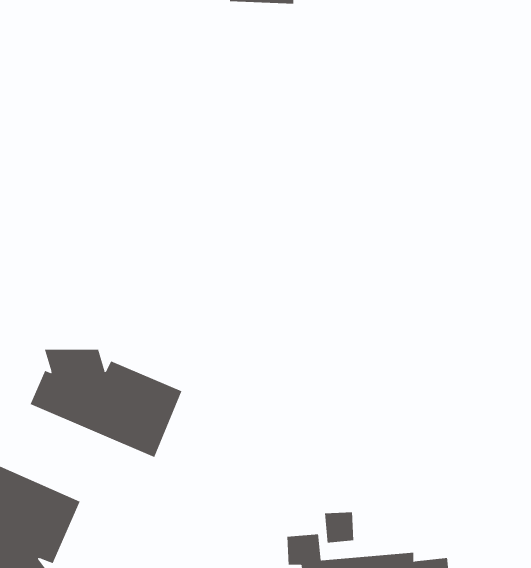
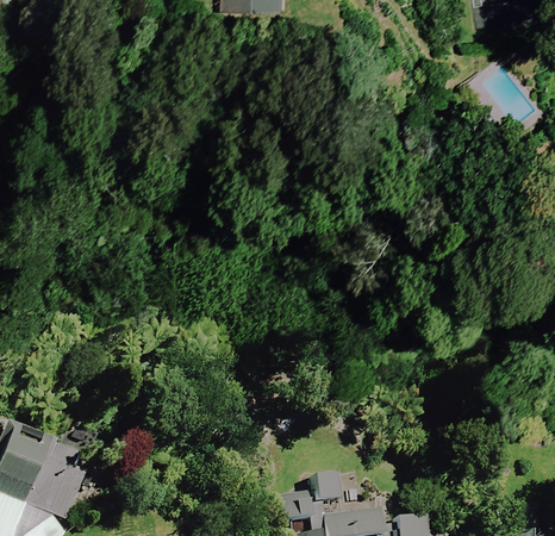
building: [30,349,182,458] -> none

